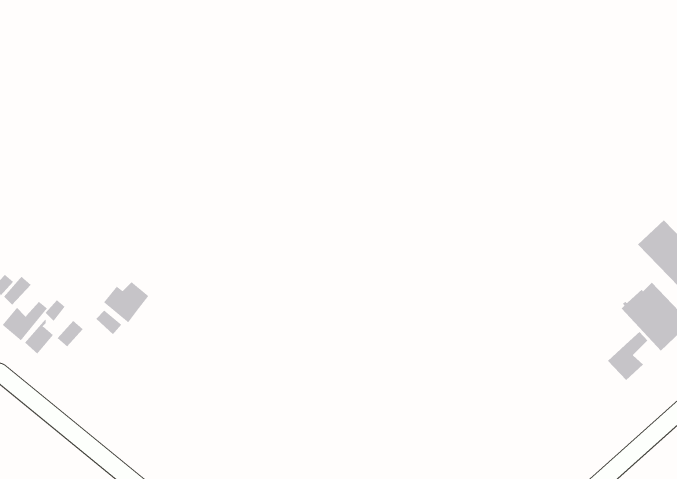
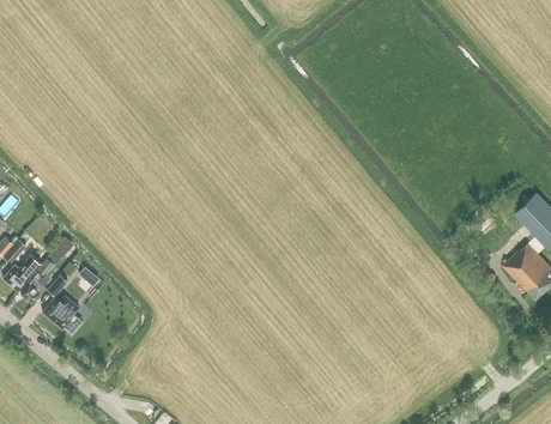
building: [103,281,149,323] -> [42,295,79,328]
building: [607,331,648,381] -> none

